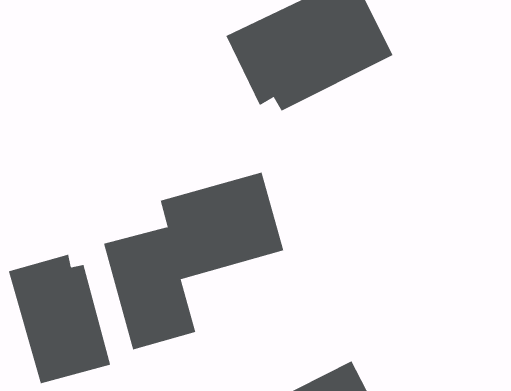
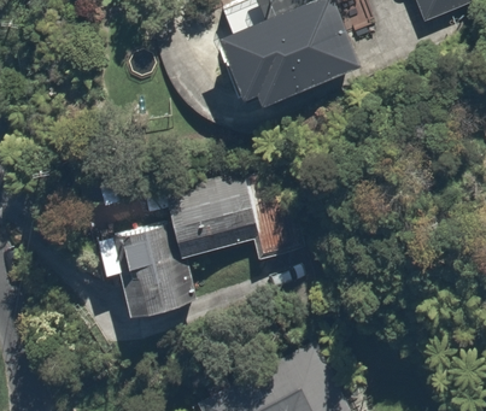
building: [8,254,111,384] -> none

